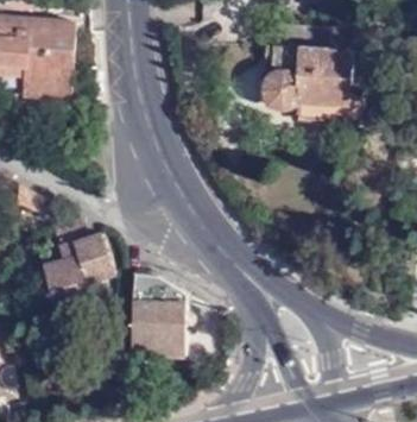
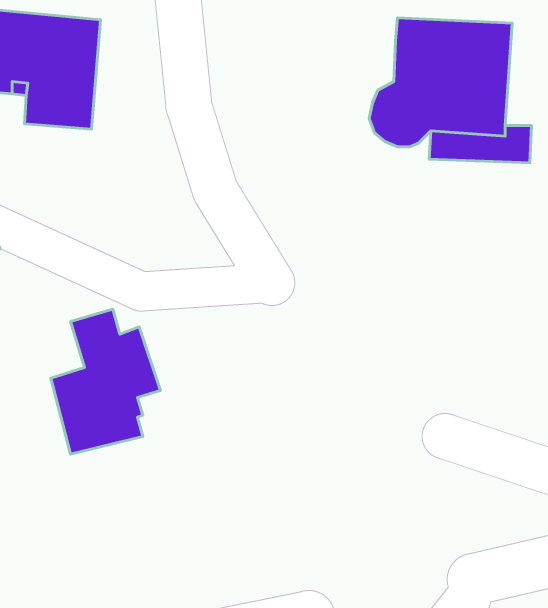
building: [132,272,187,352] -> none

